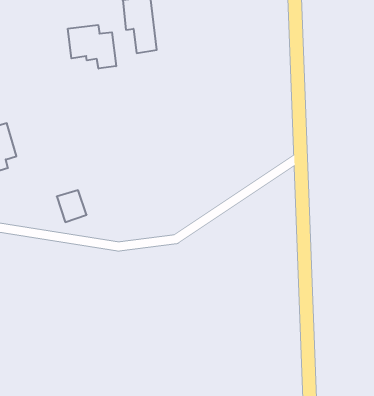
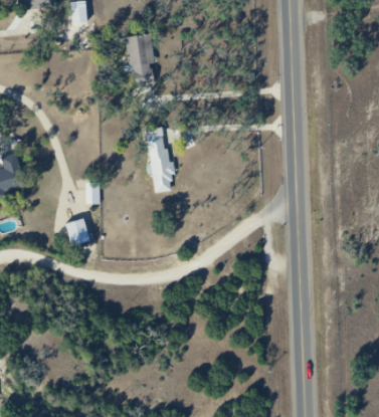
building: [68,25,116,69] -> none
building: none -> [147,137,175,191]

